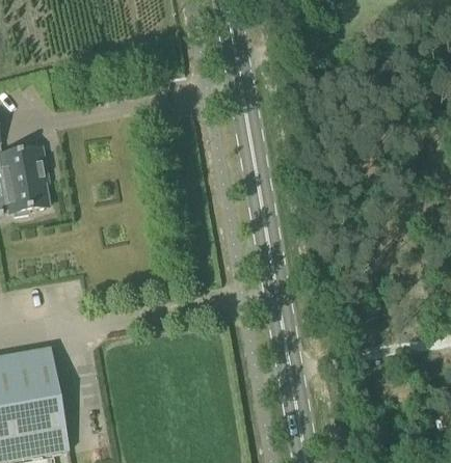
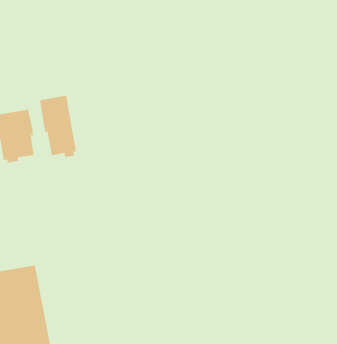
building: none -> [40,95,76,158]

